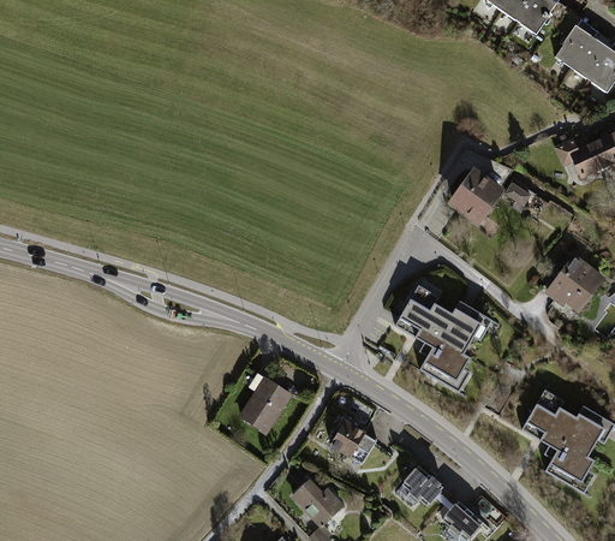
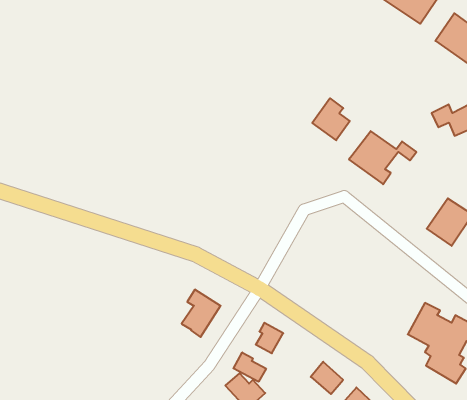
building: none -> [312,98,350,140]
building: [395,285,491,392] -> none
building: none -> [233,352,266,382]

